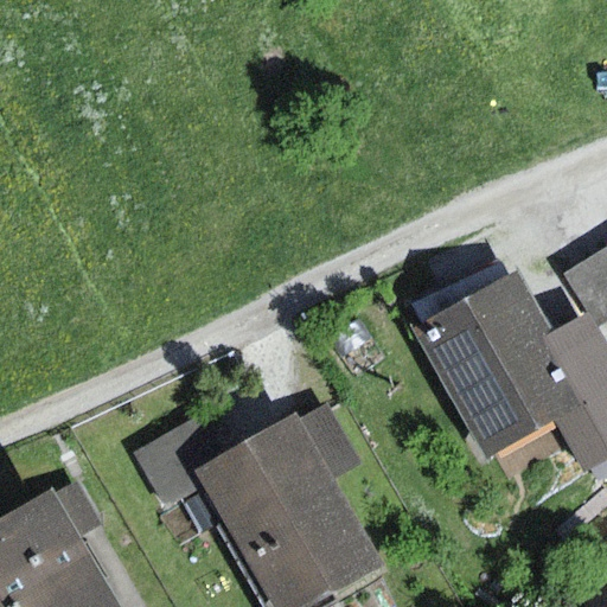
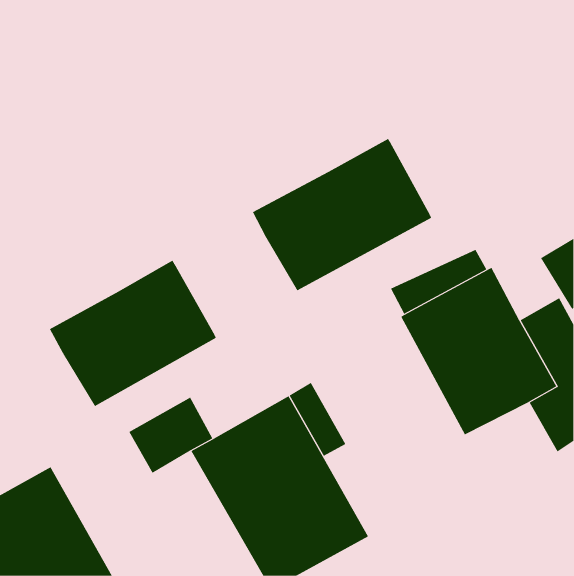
building: none -> [252,138,432,291]
building: none -> [49,260,216,407]

